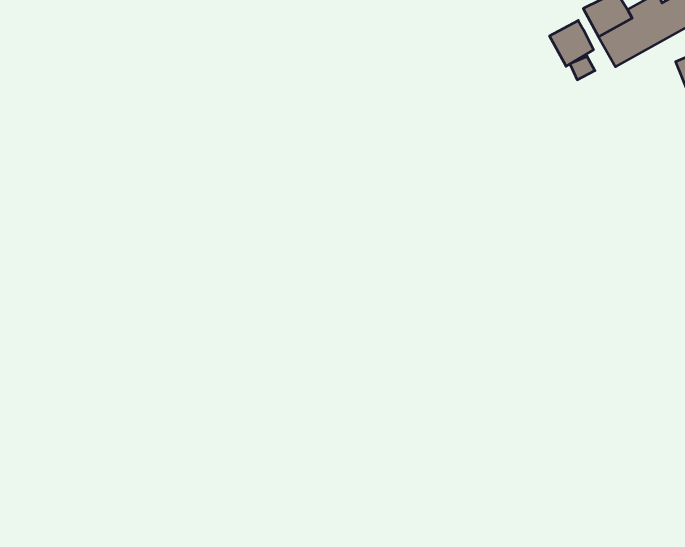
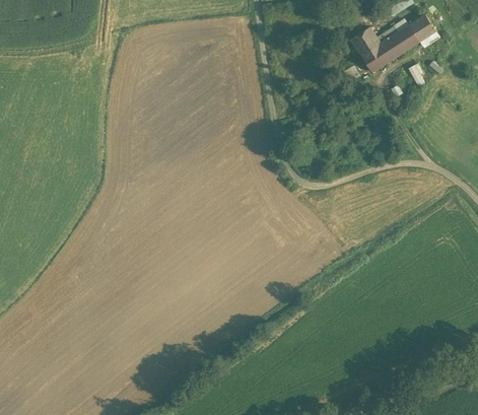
building: [550,20,593,66] -> none

